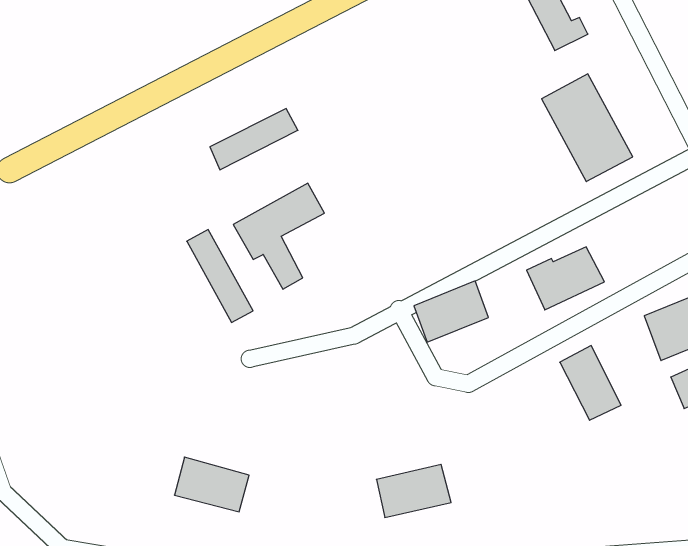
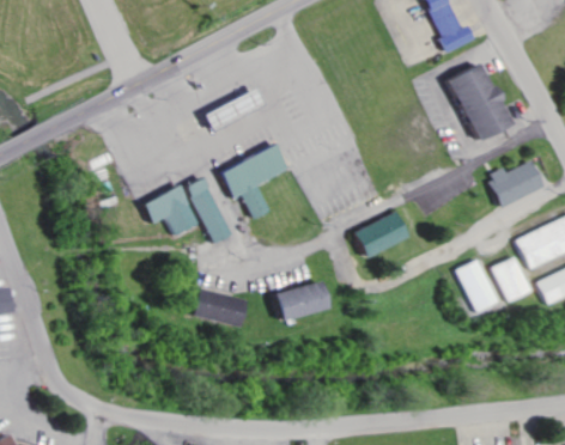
building: none -> [145,184,201,234]
building: [527,247,604,310] -> [485,163,541,208]
building: none -> [492,257,534,304]
building: [174,457,249,512] -> [188,288,242,328]
building: [376,464,451,517] -> [271,282,324,321]

